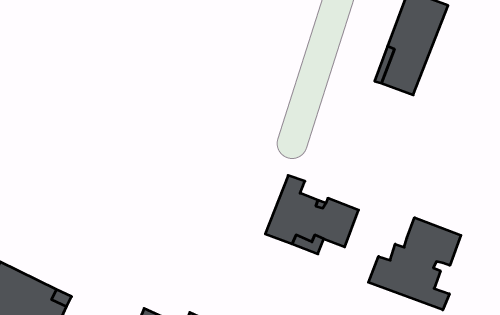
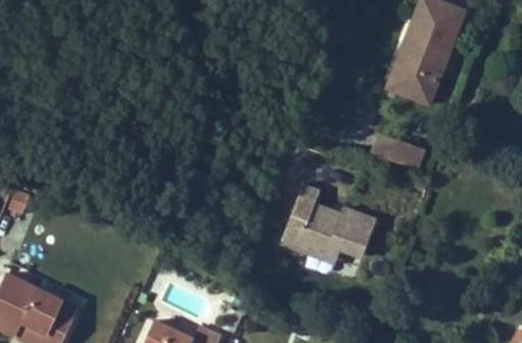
building: none -> [372,135,423,171]
building: [368,218,461,310] -> none

